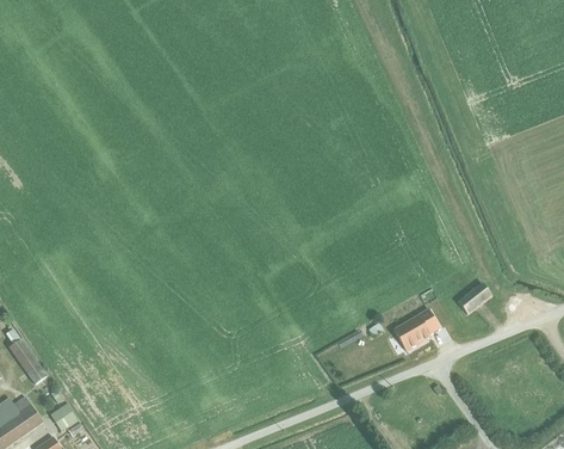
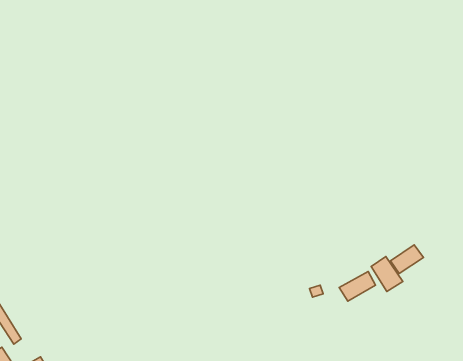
building: none -> [371,256,403,291]

